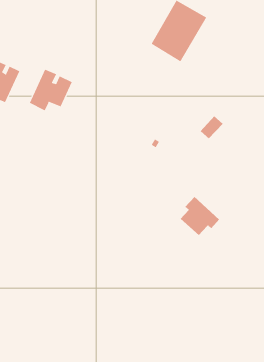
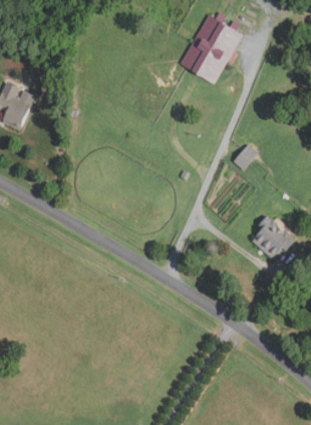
building: [29,69,72,111] -> none
building: [180,196,220,236] -> [252,214,296,258]

